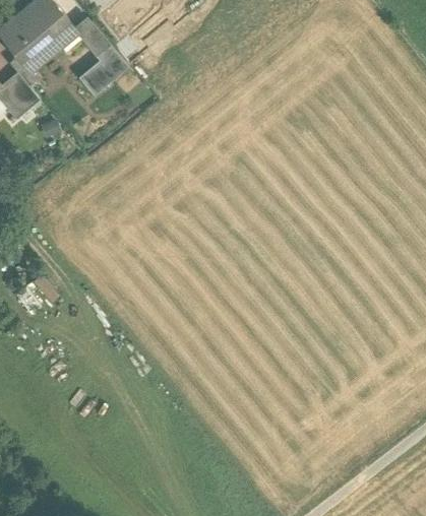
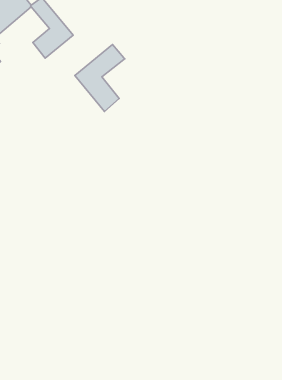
building: none -> [75,45,125,111]

